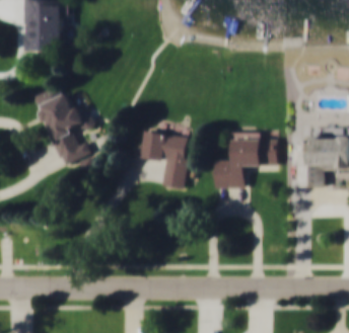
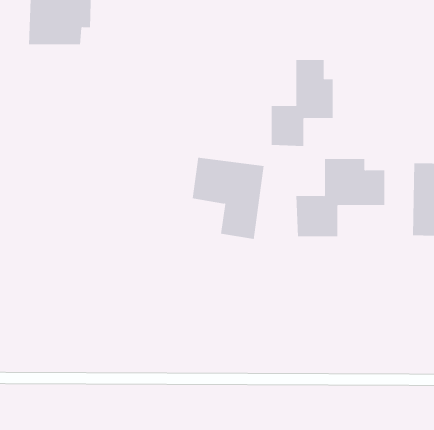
building: none -> [271,59,333,147]
building: [30,84,93,166] -> none

